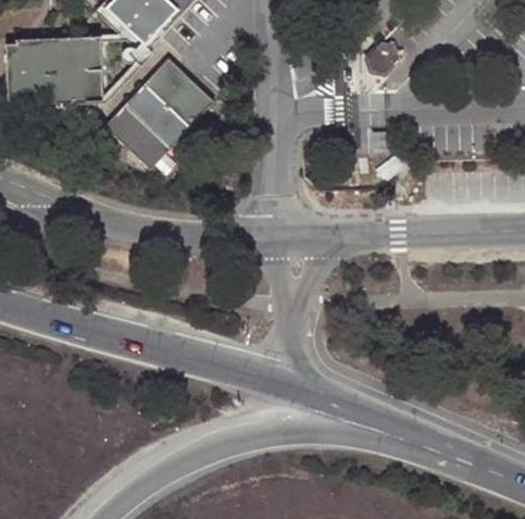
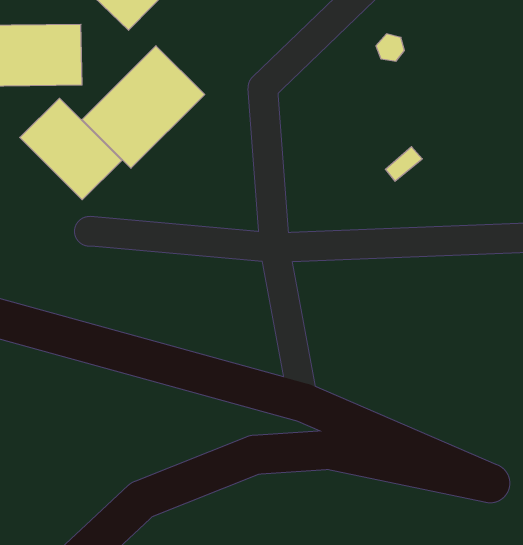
building: none -> [20,98,122,200]

